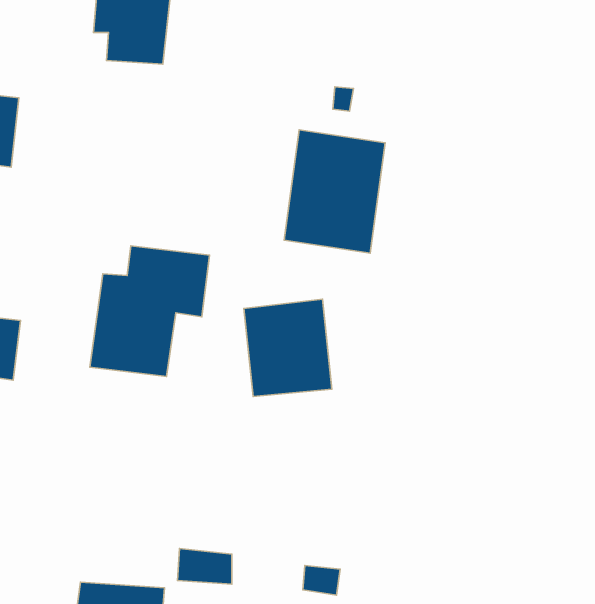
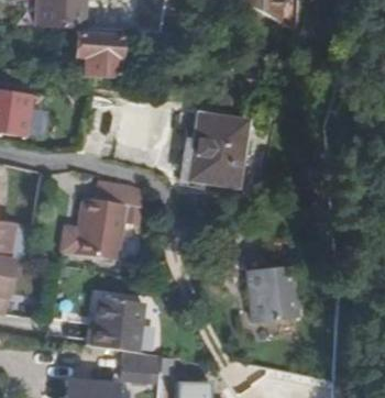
building: [244,299,332,396] -> [249,264,300,321]
building: none -> [95,298,143,351]

